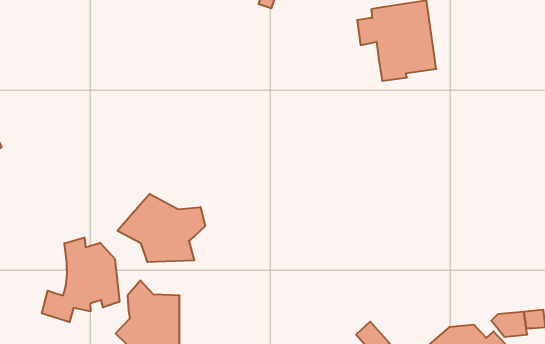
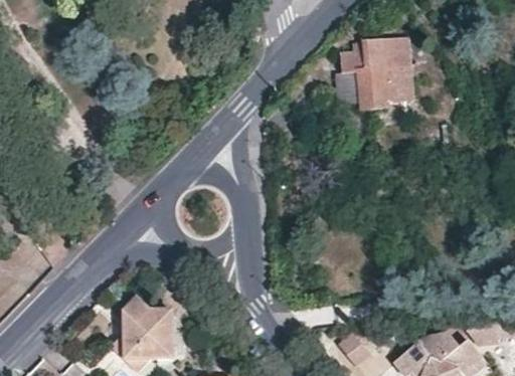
building: [117,194,205,262] -> none
building: [42,237,120,322] -> none

